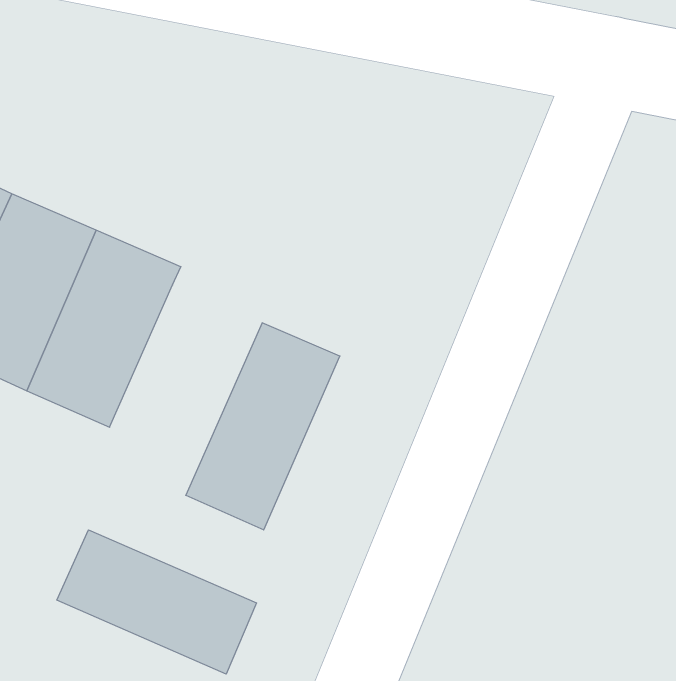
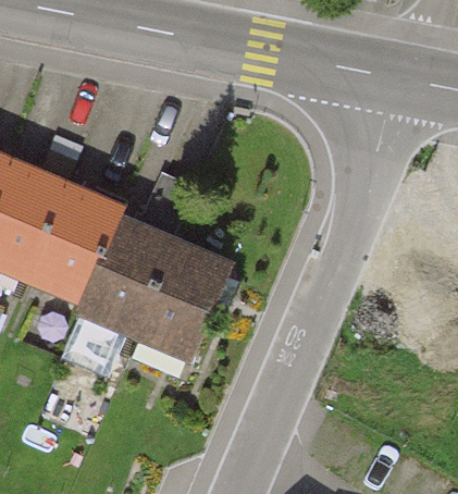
building: none -> [71,162,203,351]
building: [57,530,257,674] -> none

